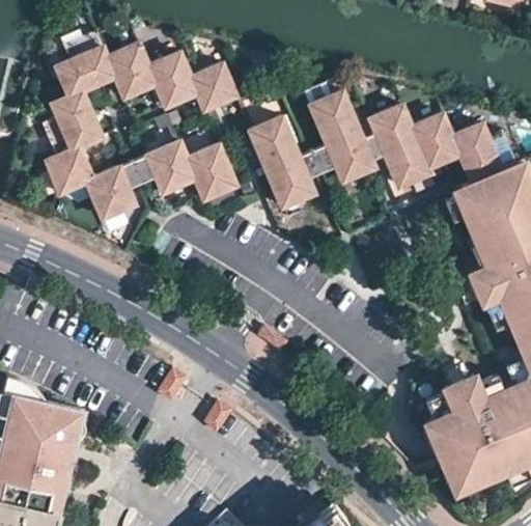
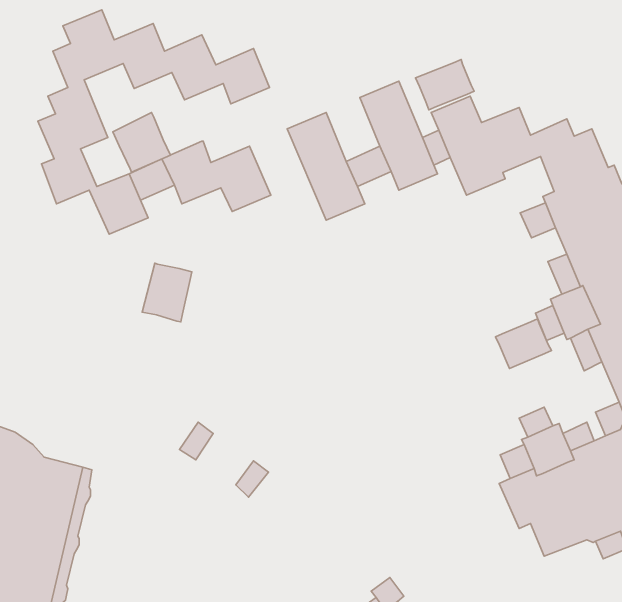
building: none -> [416,60,474,110]
building: none -> [113,113,170,172]
building: none -> [142,263,192,322]
building: none -> [495,319,552,369]

